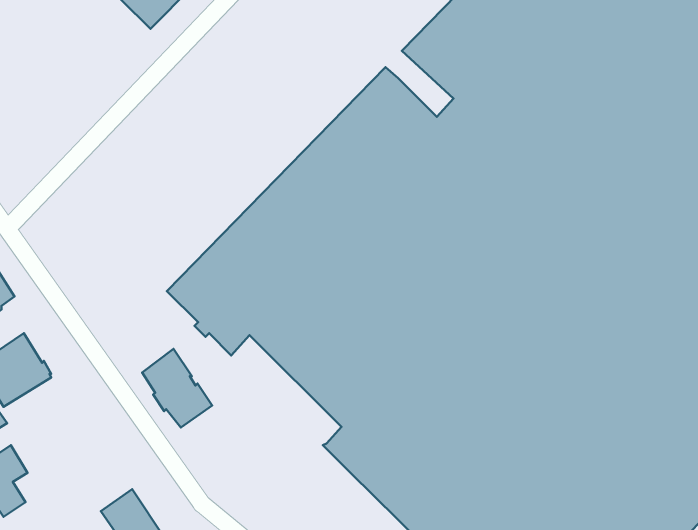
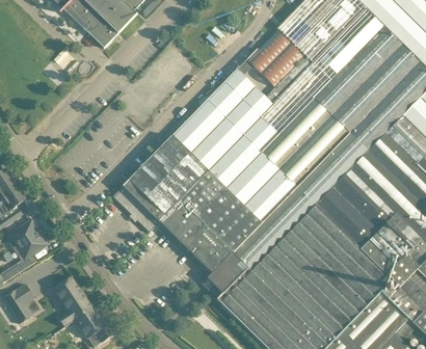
building: [142,349,212,428] -> [54,275,94,320]

